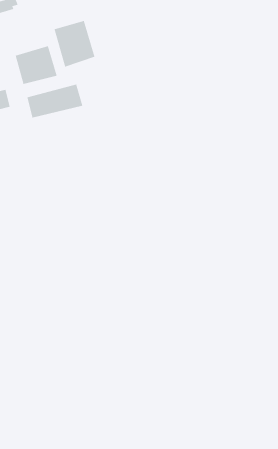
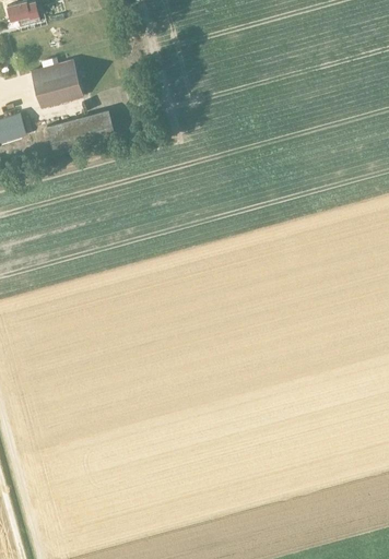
building: [54,20,95,68] -> none

